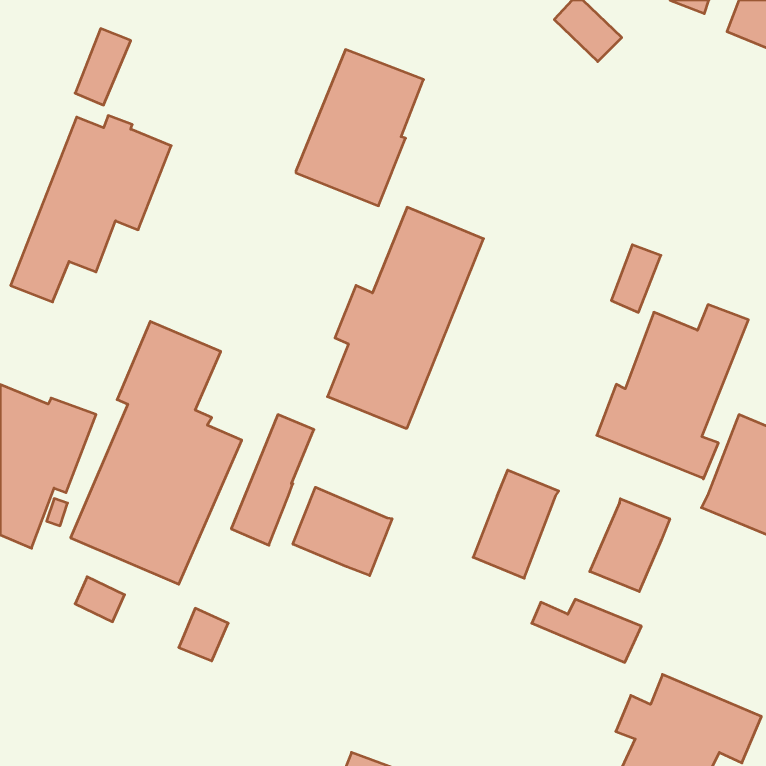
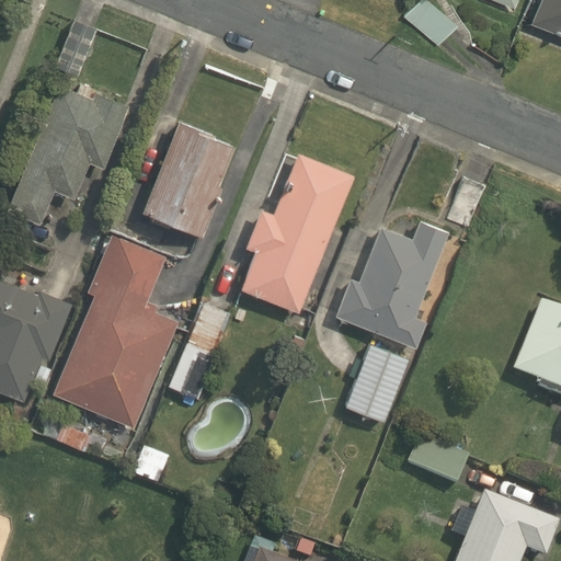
building: [296,50,424,206] -> [141,124,234,238]
building: [597,305,748,479] -> [337,221,448,348]
building: [293,487,392,576] -> none
building: [590,499,670,592] -> none

